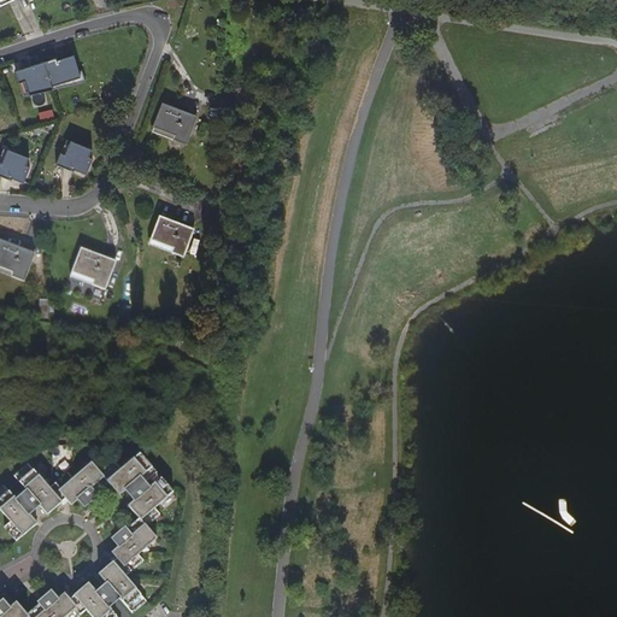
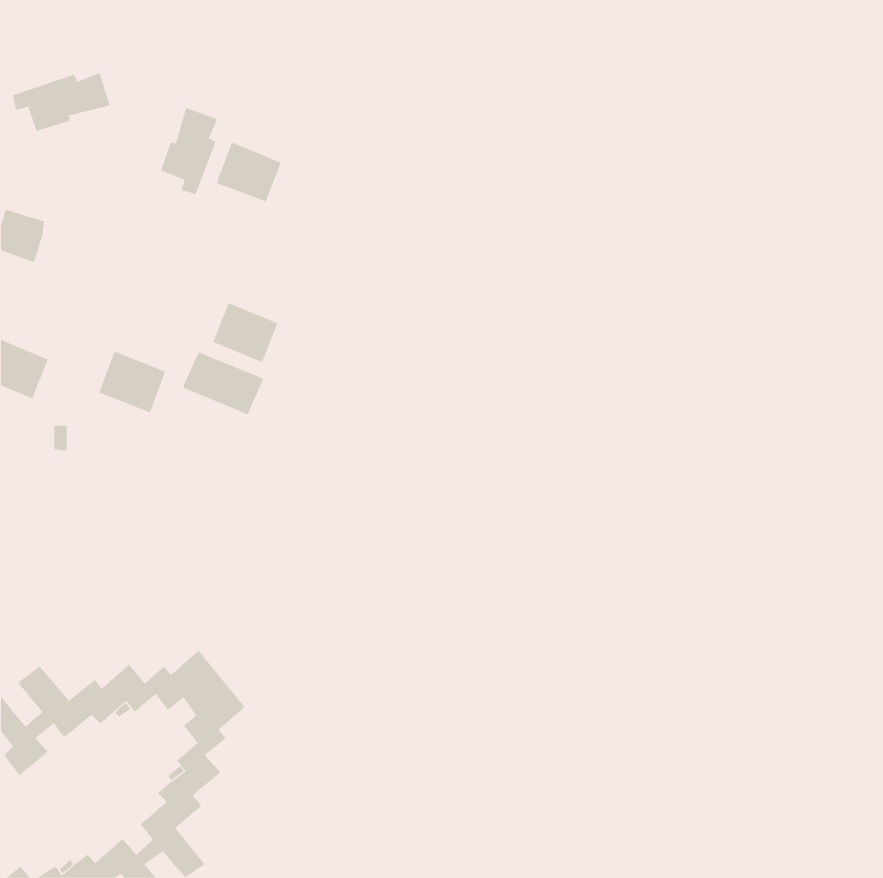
building: none -> [160,107,218,195]
building: [55,137,94,174] -> none
building: none -> [182,351,264,415]

